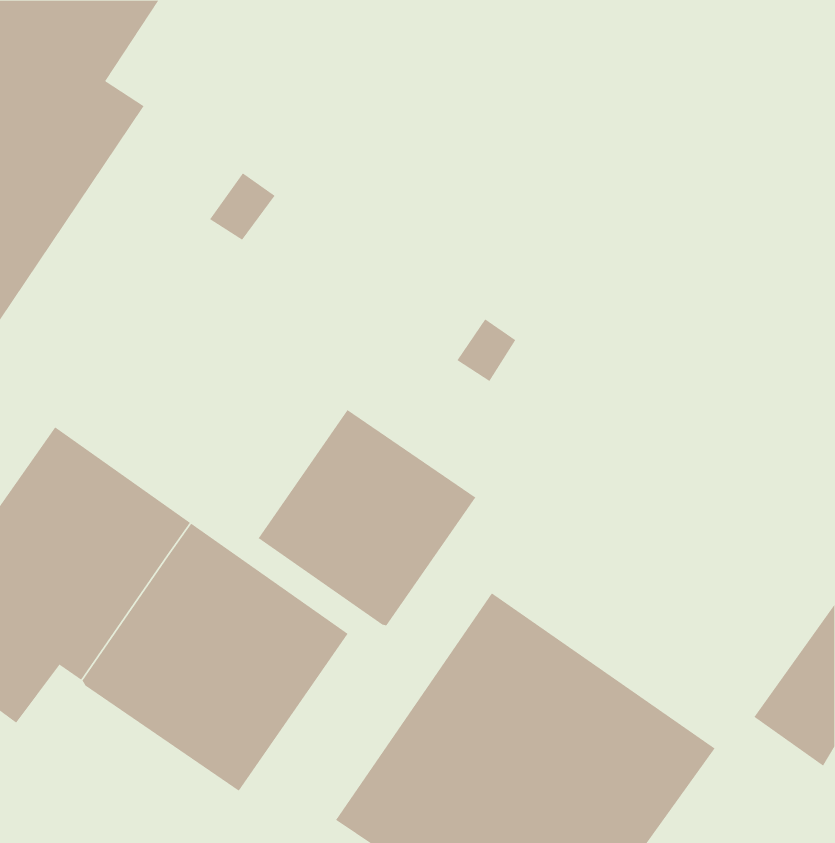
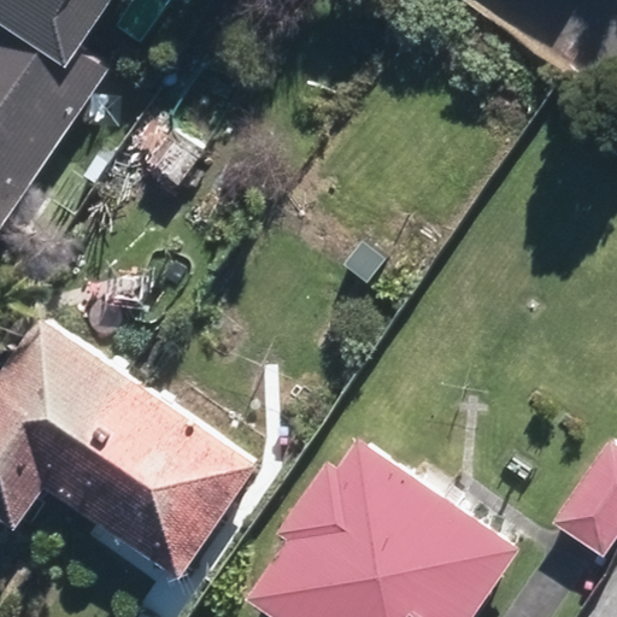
building: [258,409,476,626] -> none

